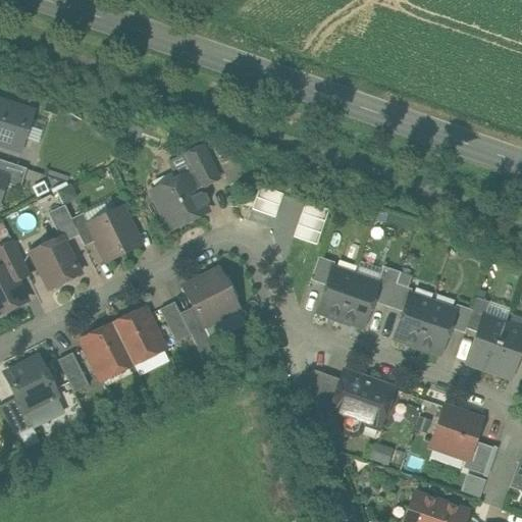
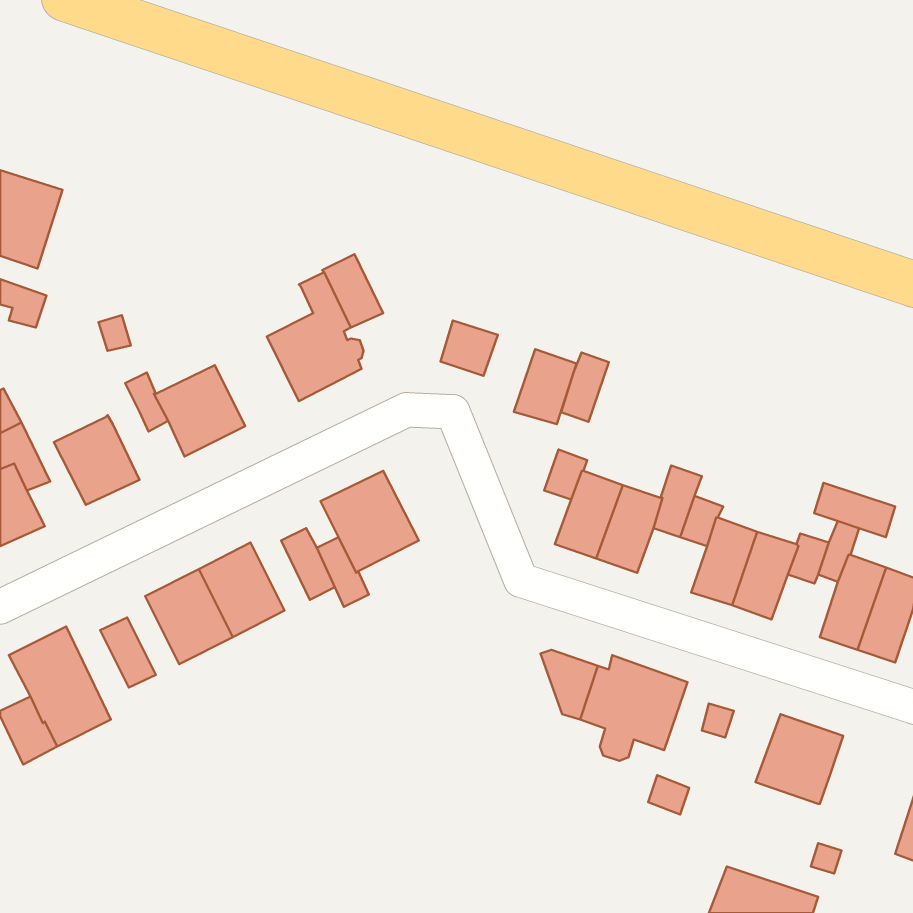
building: none -> [561,353,609,422]
building: [49,204,81,242] -> none
building: none -> [814,483,895,537]
building: [464,440,493,474] -> none

